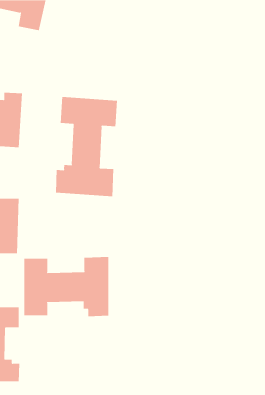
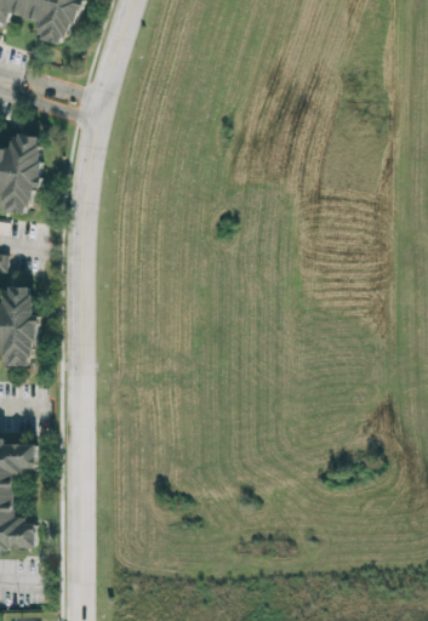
building: [55,96,118,197] -> none
building: [24,256,109,317] -> none

